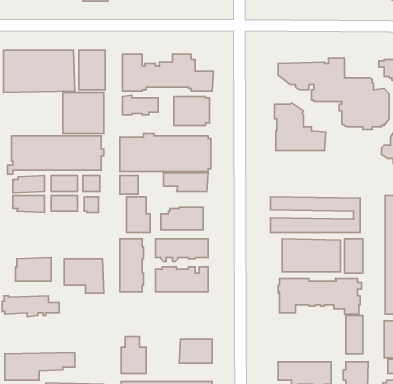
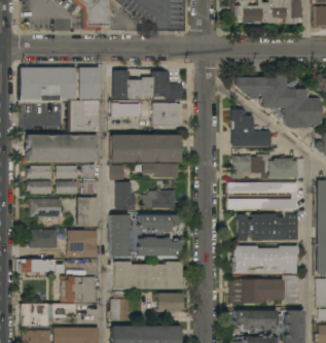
building: none -> [233,155,305,178]
building: none -> [78,198,98,228]
building: none -> [31,199,70,229]
building: none -> [115,263,183,289]
building: none -> [233,275,284,305]
building: none -> [62,277,95,302]

